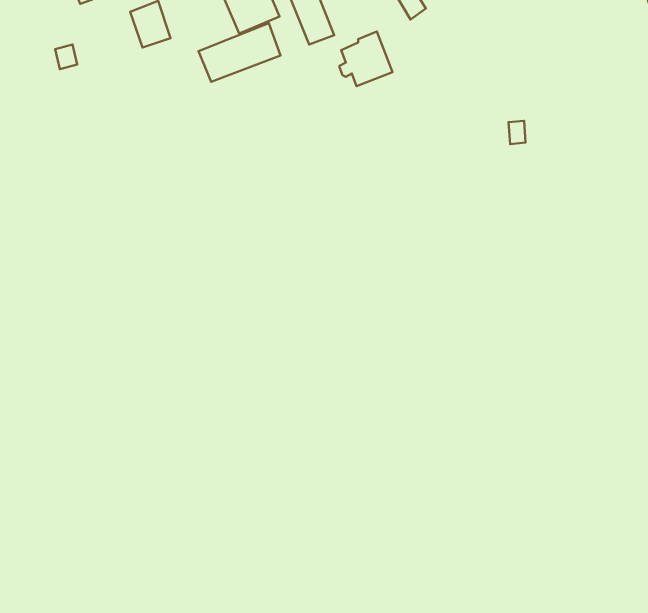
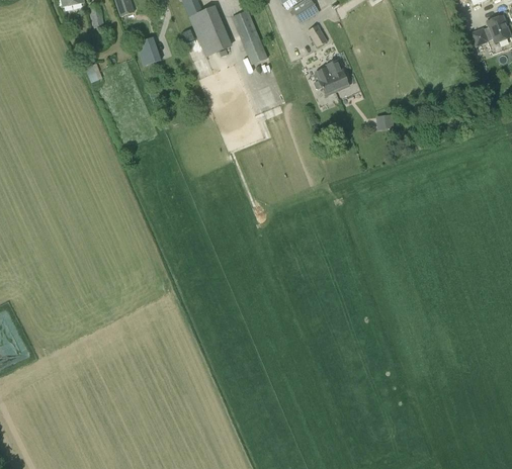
building: [198,23,280,82] -> none
building: [339,32,392,86] -> [314,59,348,94]

